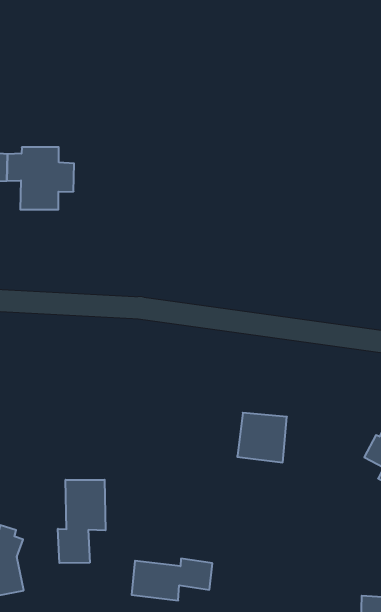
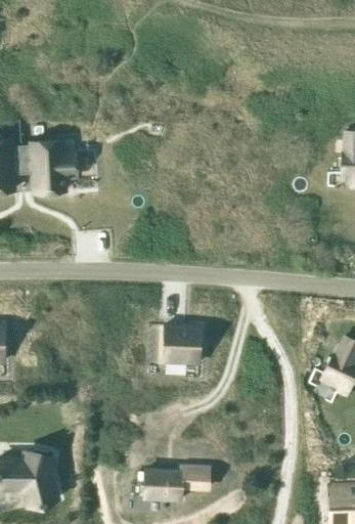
building: [237,413,287,462] -> [164,325,202,363]
building: [58,480,105,563] -> none

